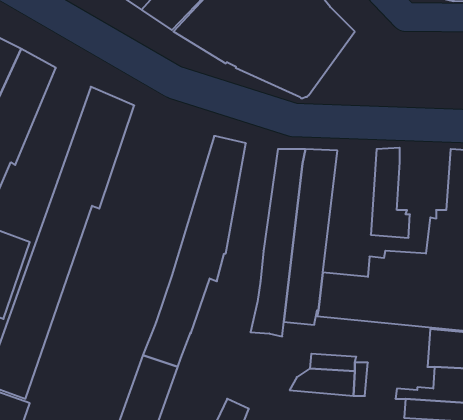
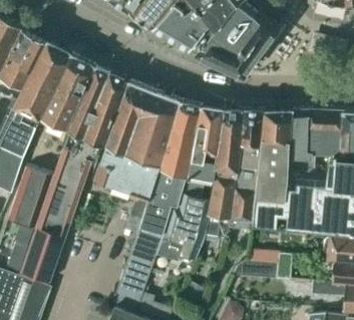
building: none -> [43,53,95,131]
building: none -> [95,81,181,232]
building: none -> [157,105,225,261]
building: none -> [307,108,344,157]
building: none -> [256,109,293,198]

